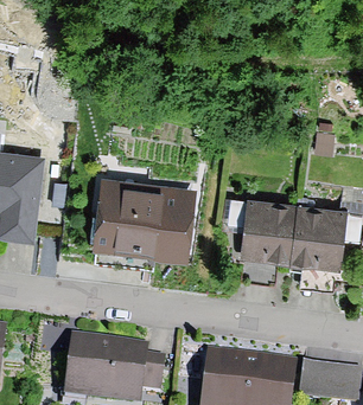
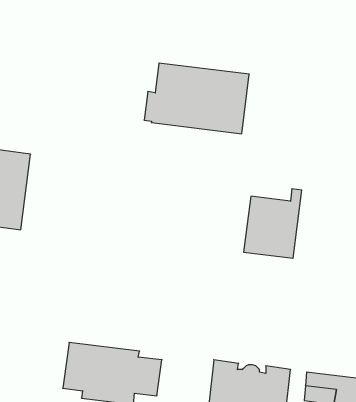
building: [90,184,191,251] -> [144,63,249,134]
building: [291,194,344,264] -> none

